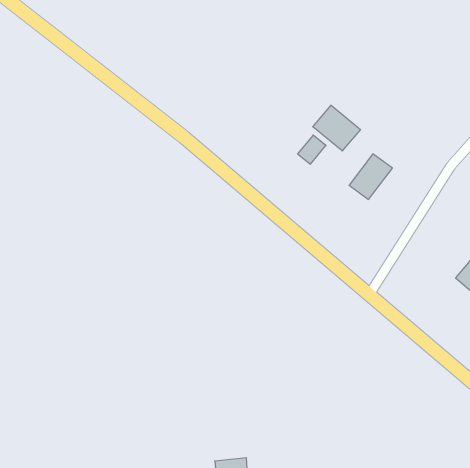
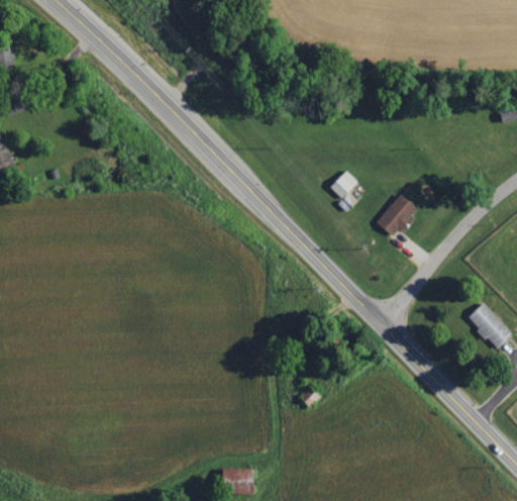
building: [313,105,361,151] -> none

